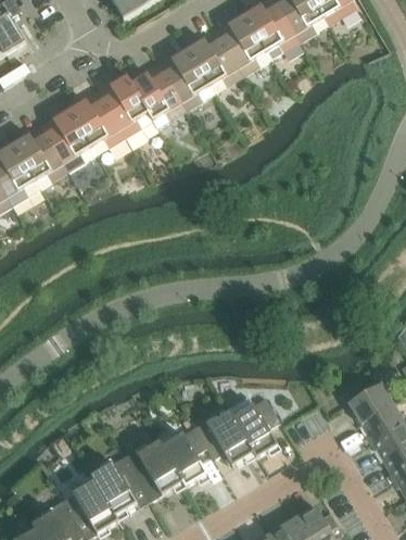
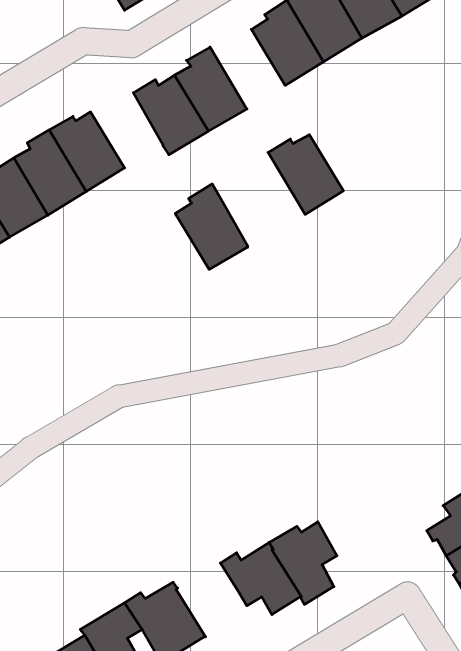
building: [187,34,242,92] -> [268,135,343,214]
building: [99,73,152,136] -> [175,184,248,269]
building: [162,427,207,486] -> none

